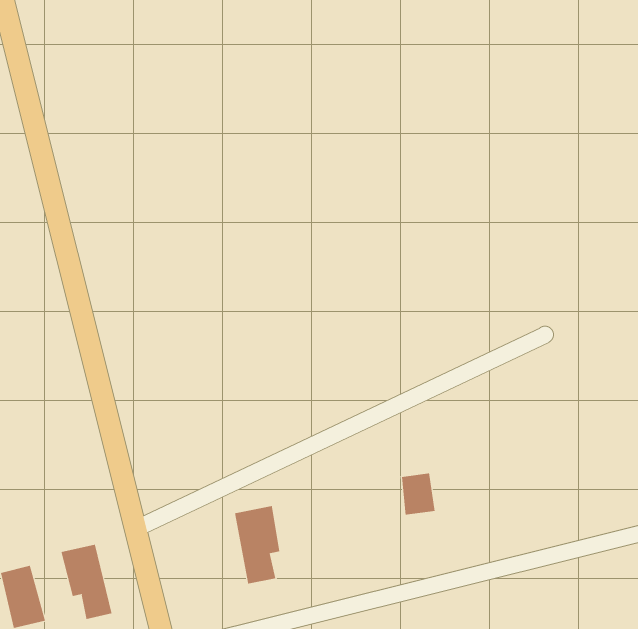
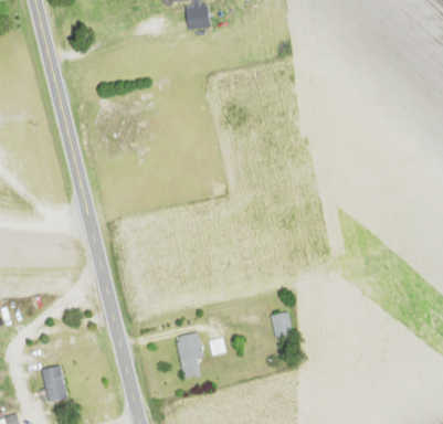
building: [61,544,112,620] -> none

